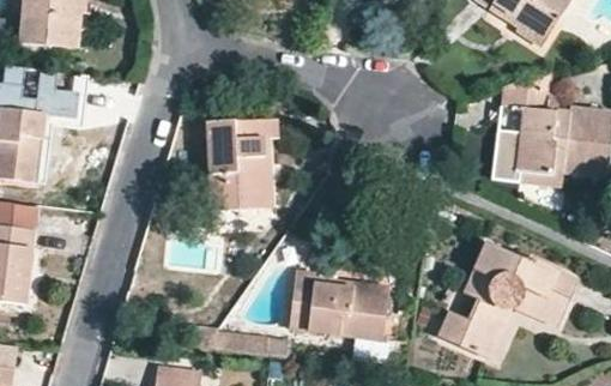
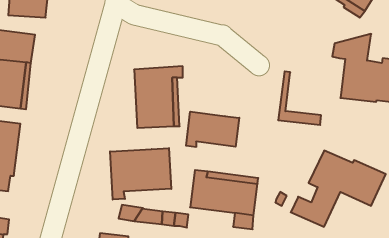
building: [500,107,563,186] -> [278,71,321,125]
building: none -> [186,112,239,147]
building: none -> [110,148,171,200]

